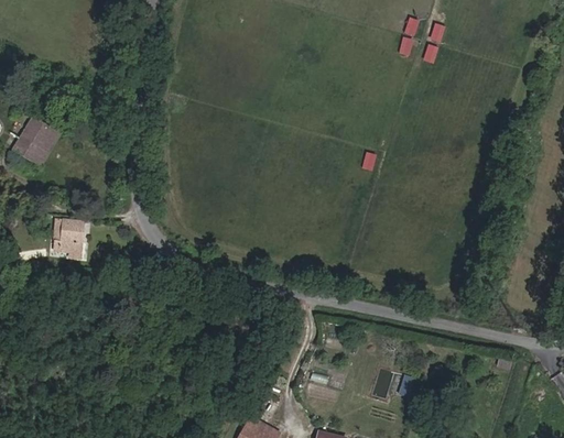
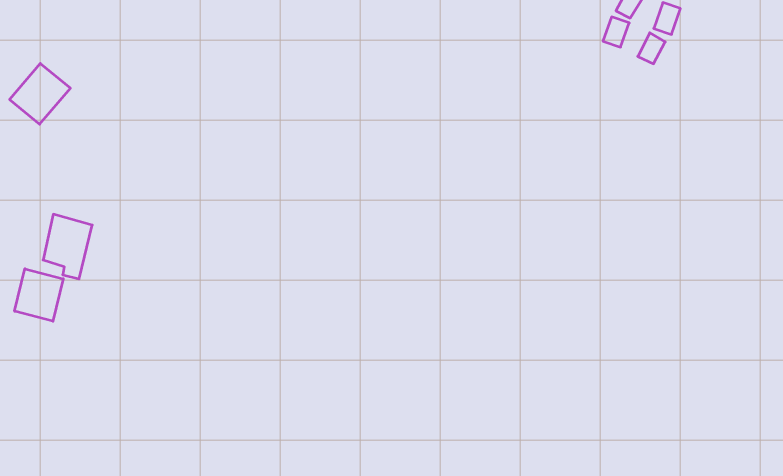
building: none -> [15,269,63,321]

